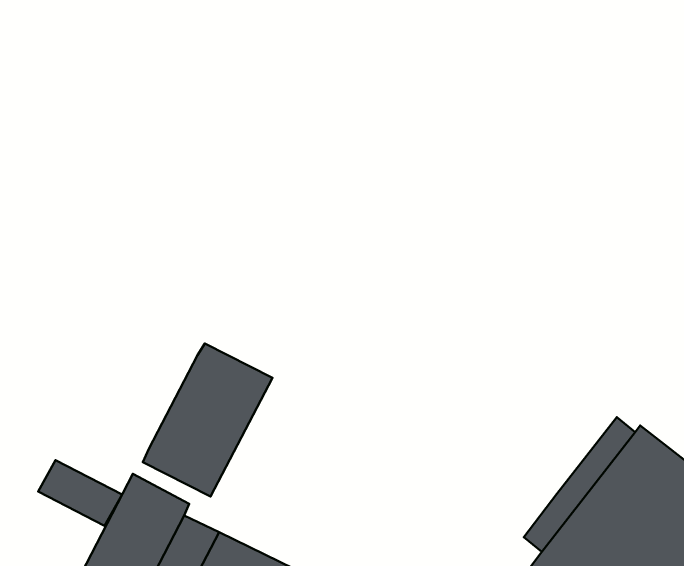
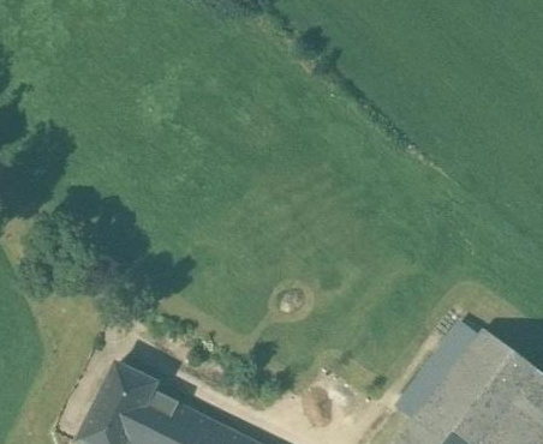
building: [143,343,273,497] -> none
building: [38,460,122,526] -> none

